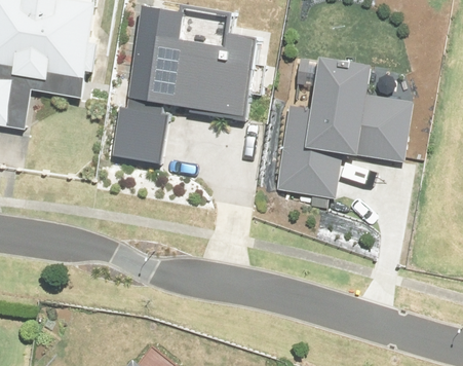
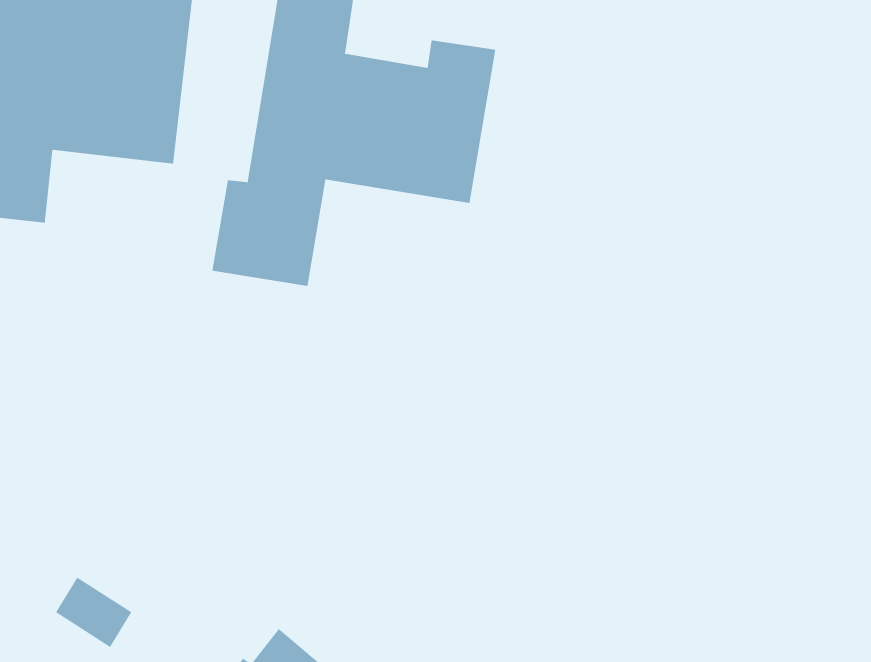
building: [274,59,411,199] -> none

